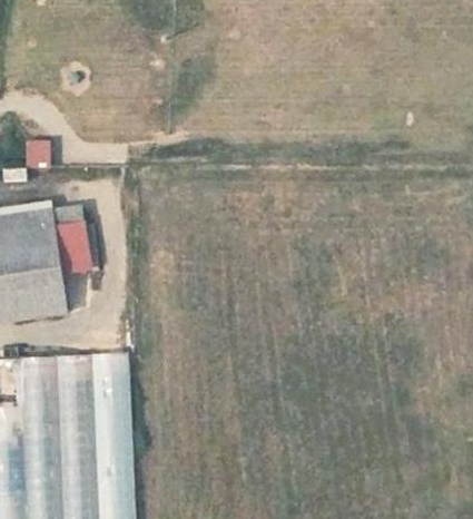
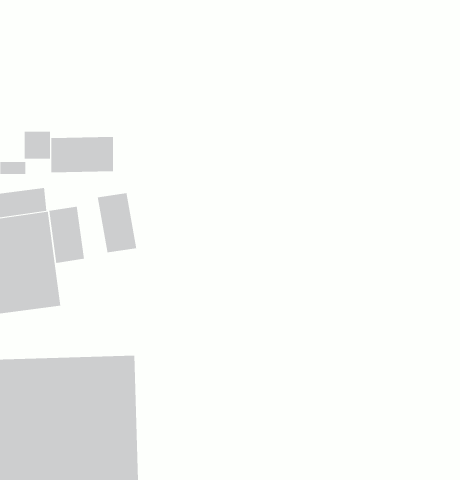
building: none -> [51,136,114,173]
building: none -> [97,192,137,253]

